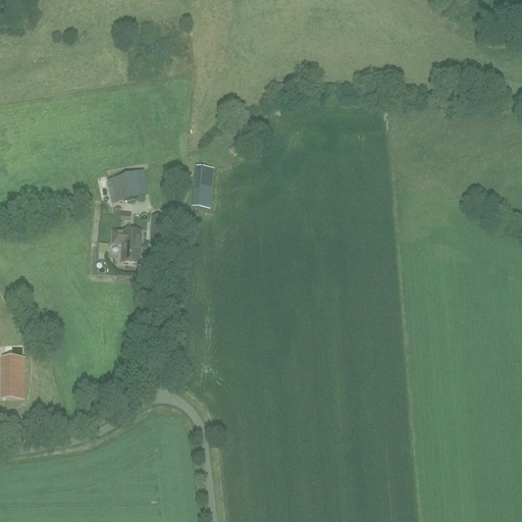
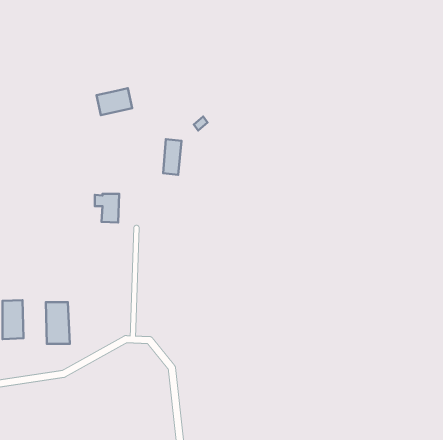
building: [106,169,148,201] -> [97,88,132,115]
building: none -> [46,302,70,344]

